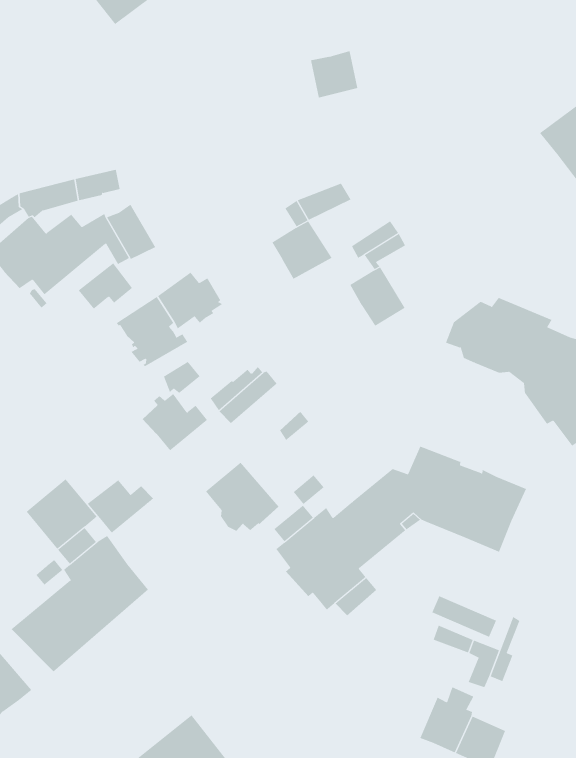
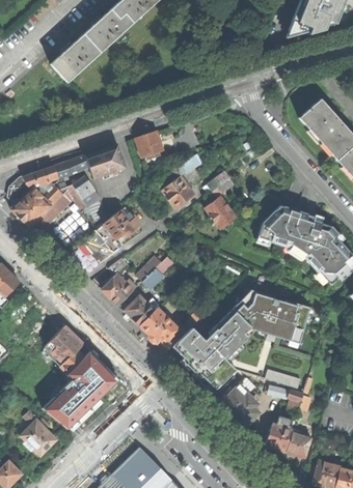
building: [310,50,358,98] -> [136,131,163,157]
building: none -> [85,144,126,178]
building: [87,480,154,533] -> [125,296,160,325]
building: none -> [219,389,260,429]

